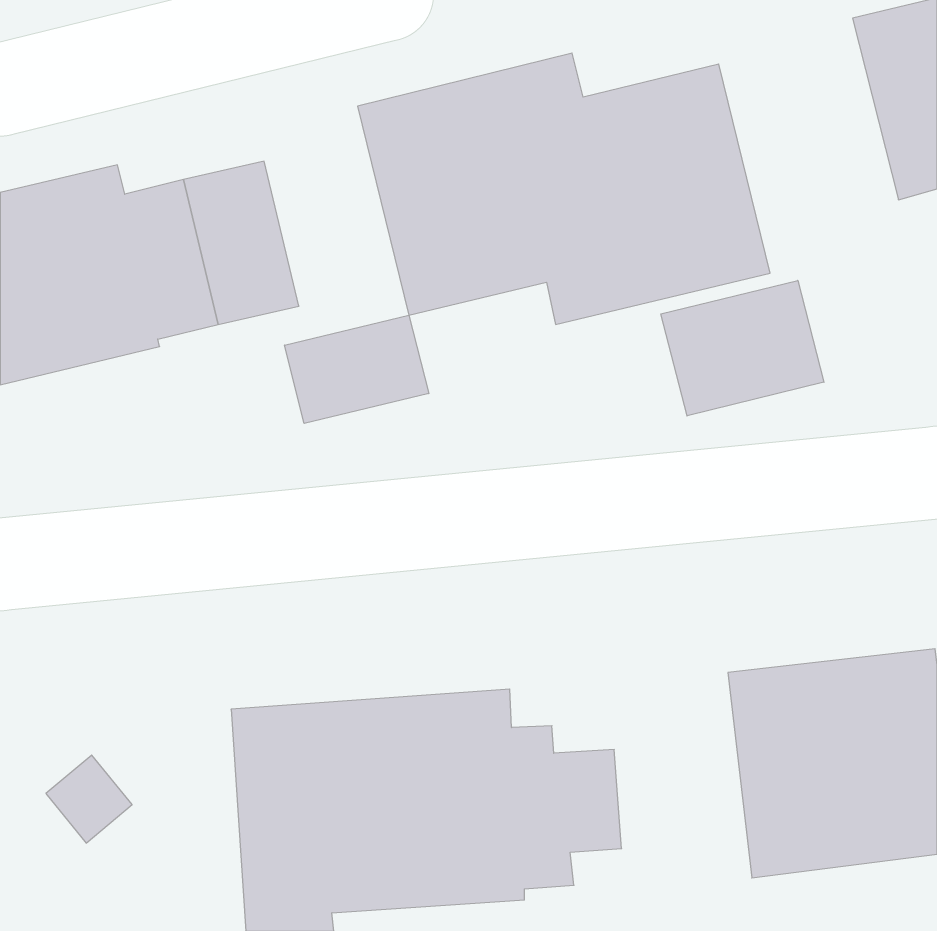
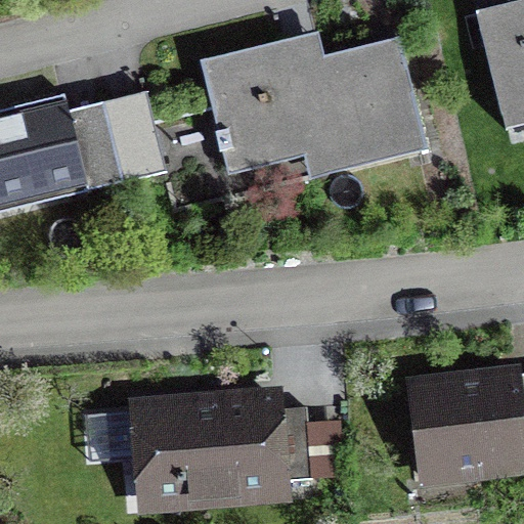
building: [661,280,824,416] -> none
building: [285,315,429,423] -> none

